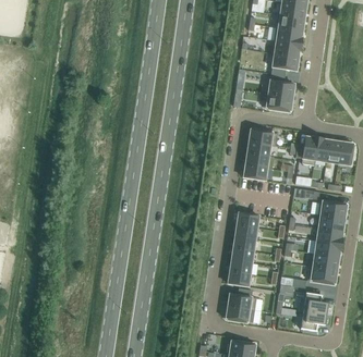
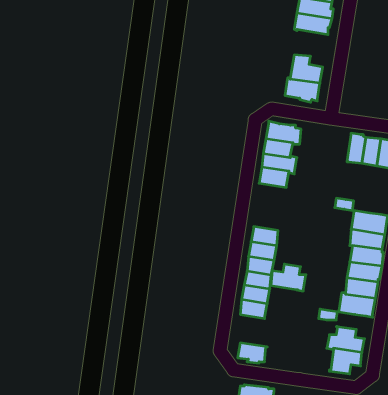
building: [271,53,299,75] -> none
building: [295,136,317,165] -> none
building: [228,288,256,310] -> [271,264,306,291]

